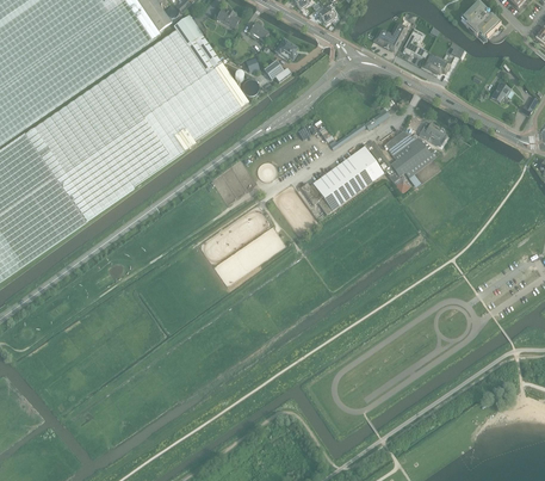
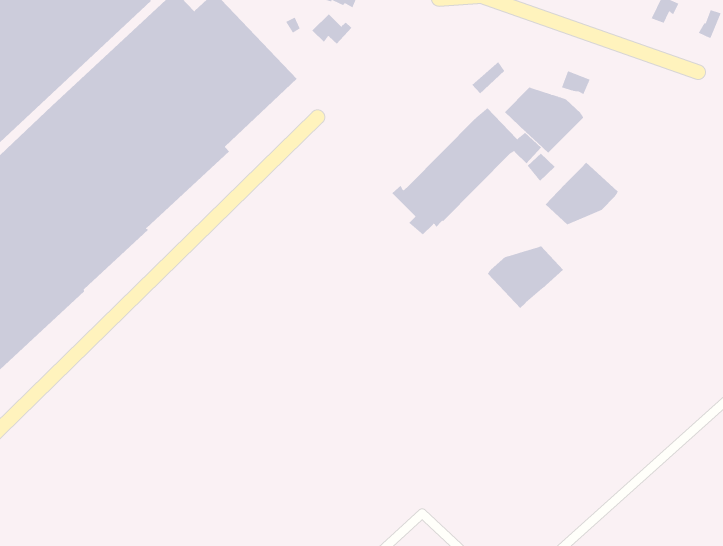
building: none -> [545,162,618,225]
building: none -> [488,246,564,309]

